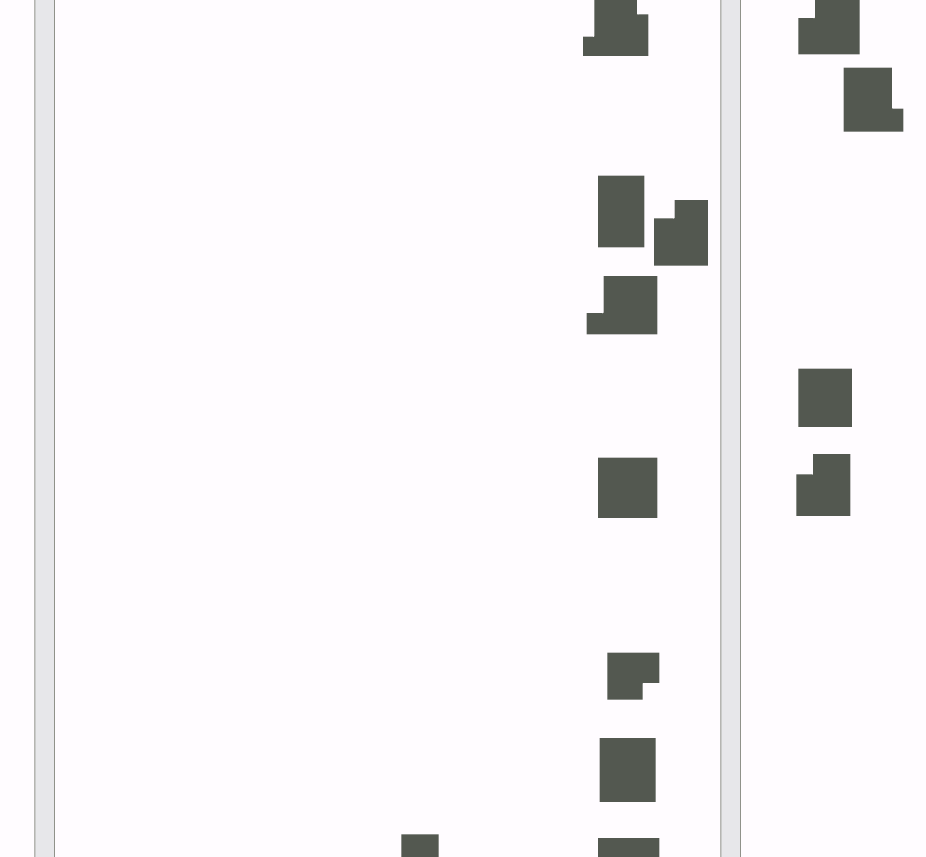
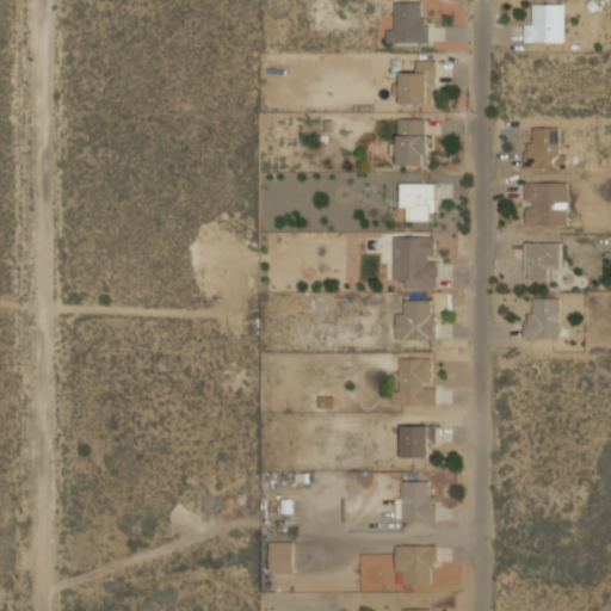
building: [843,67,904,132] -> [525,128,564,169]
building: [653,199,709,266] -> [397,61,433,104]
building: none -> [521,183,566,227]
building: none -> [390,237,434,288]
building: none -> [390,358,434,406]

